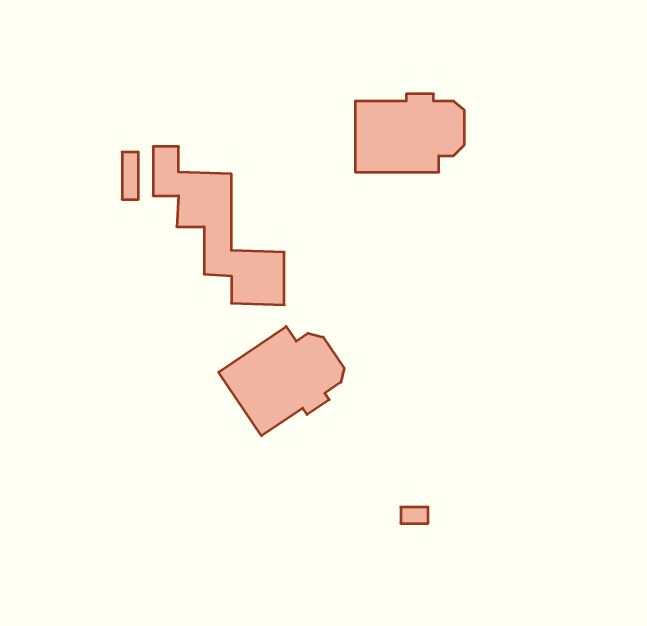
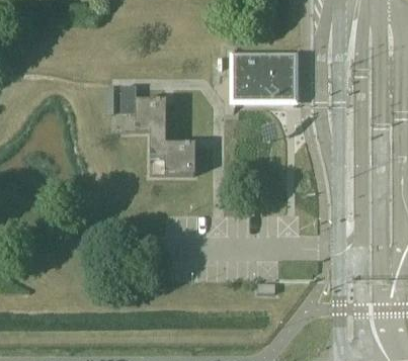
building: [219,326,344,436] -> none

